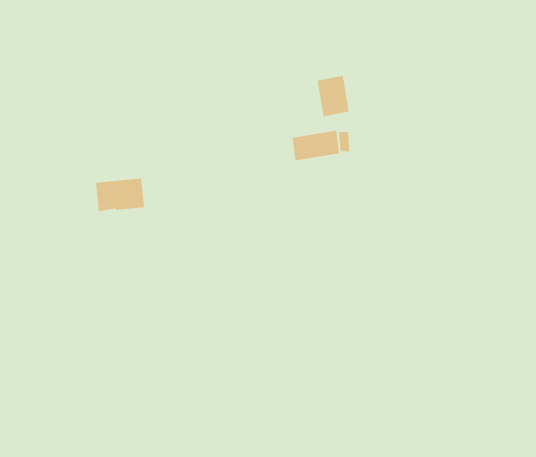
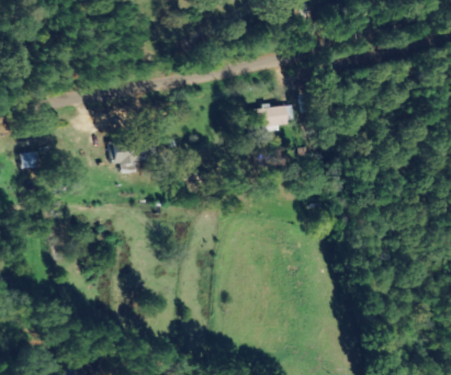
building: [317,75,350,117] -> none

